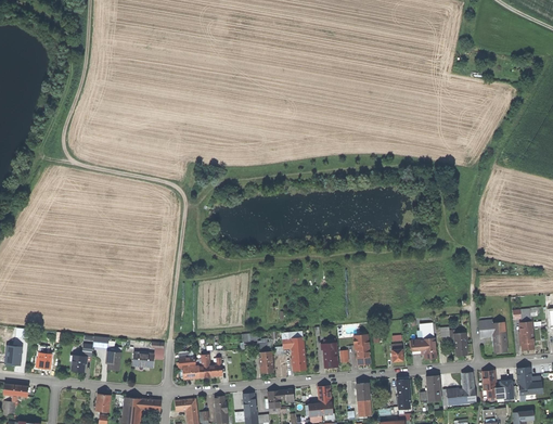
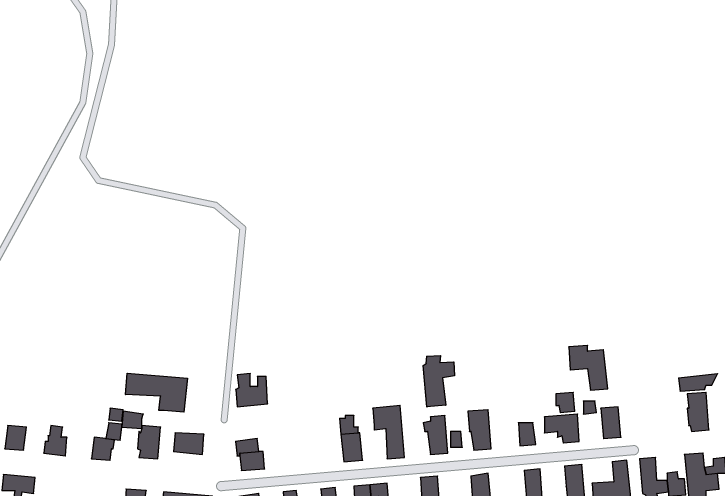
building: none -> [423,356,454,407]
building: none -> [126,373,187,412]
building: [478,319,507,352] -> [569,345,608,390]
building: [200,354,223,378] -> [236,374,268,407]

